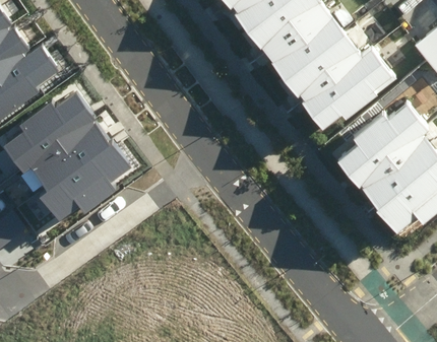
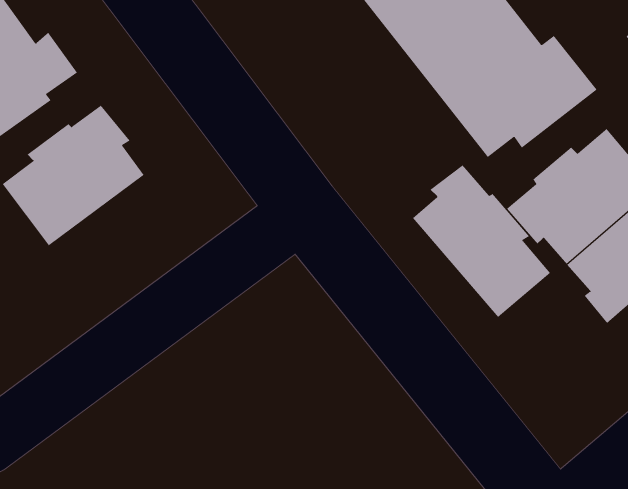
building: none -> [412,165,551,318]
building: [36,136,130,223] -> none

